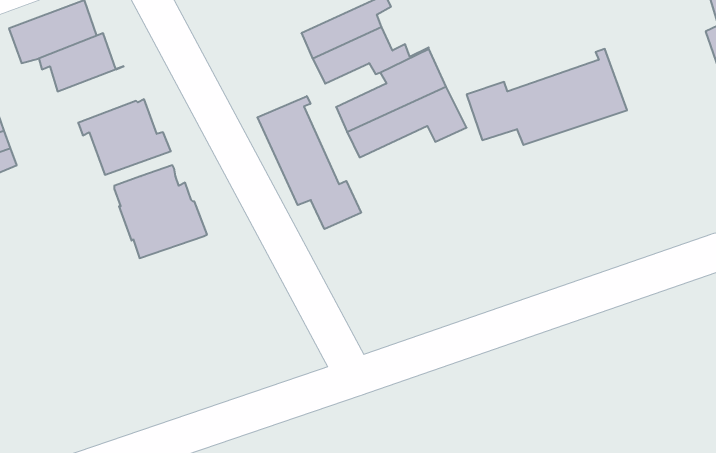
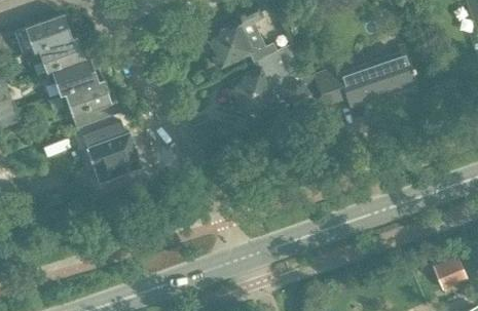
building: none -> [46,56,98,93]
building: [257,96,361,229] -> none
building: none -> [435,258,467,290]

